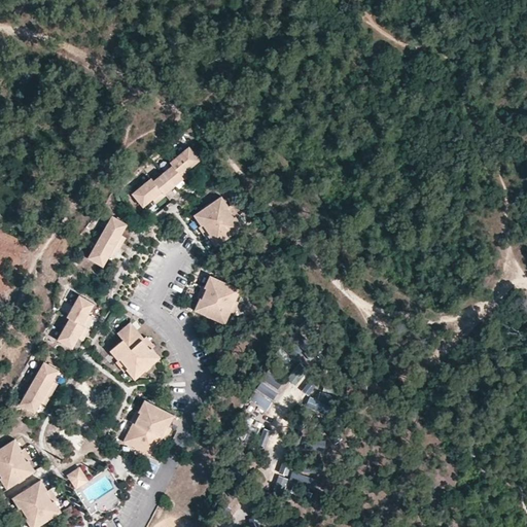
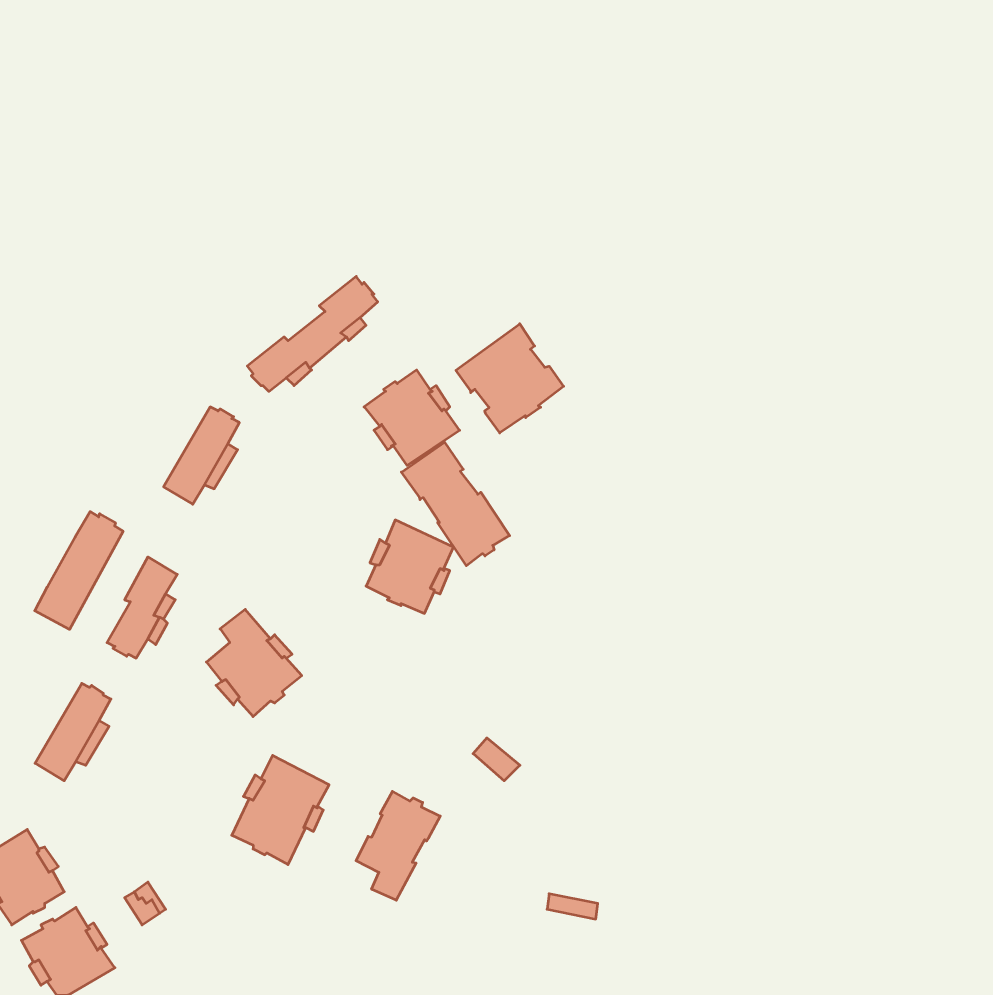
building: none -> [456,324,564,433]
building: none -> [401,442,510,566]
building: none -> [35,512,123,629]
building: none -> [356,791,440,900]

